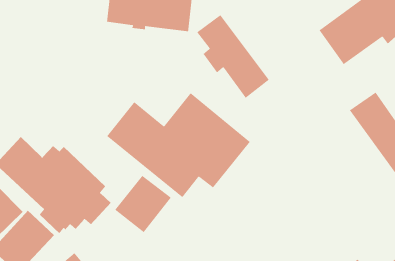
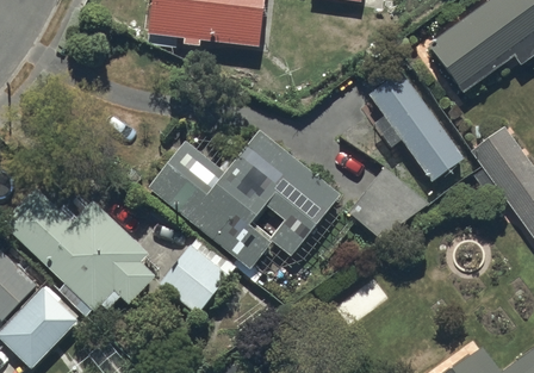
building: [196,14,270,99] -> [366,69,464,181]

